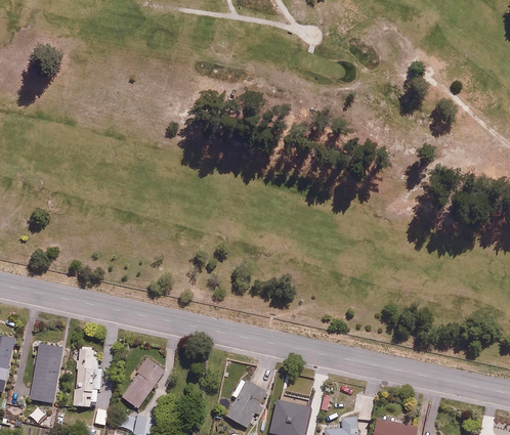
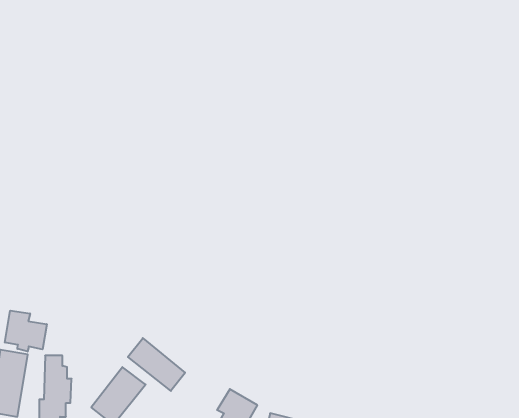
building: none -> [5,311,47,352]
building: none -> [128,338,185,391]

